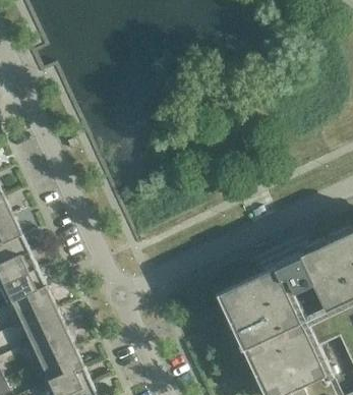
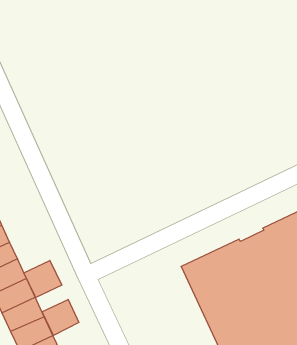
building: none -> [24,260,62,297]
building: none -> [42,299,79,336]

